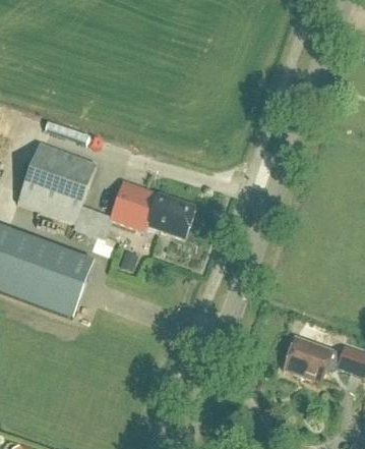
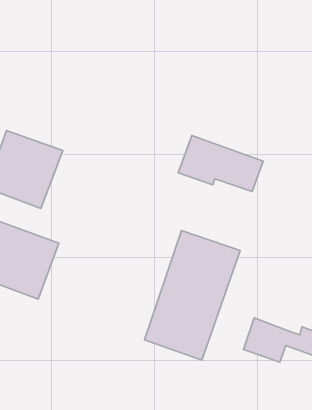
building: [108,179,195,237] -> [178,135,263,192]
building: none -> [145,230,240,360]

